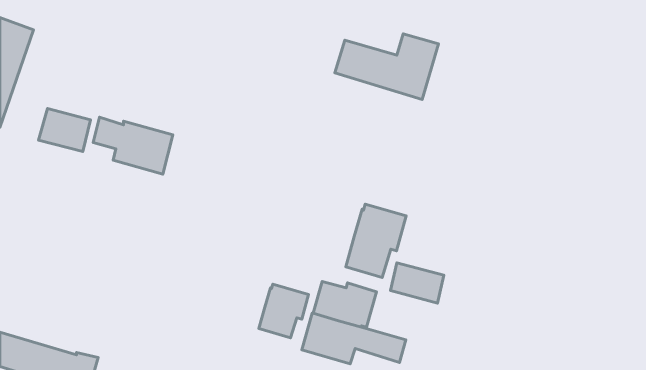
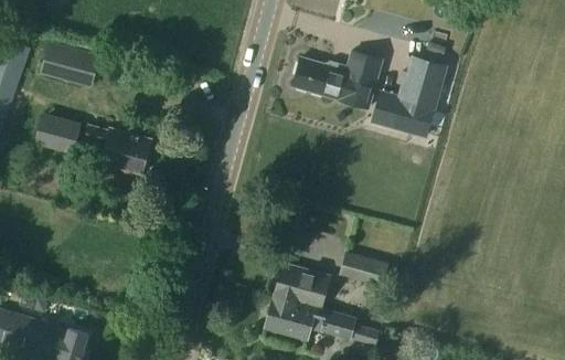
building: none -> [40,45,99,88]
building: none -> [370,54,446,135]
building: [346,204,406,277] -> none
building: [259,284,308,338] -> none

